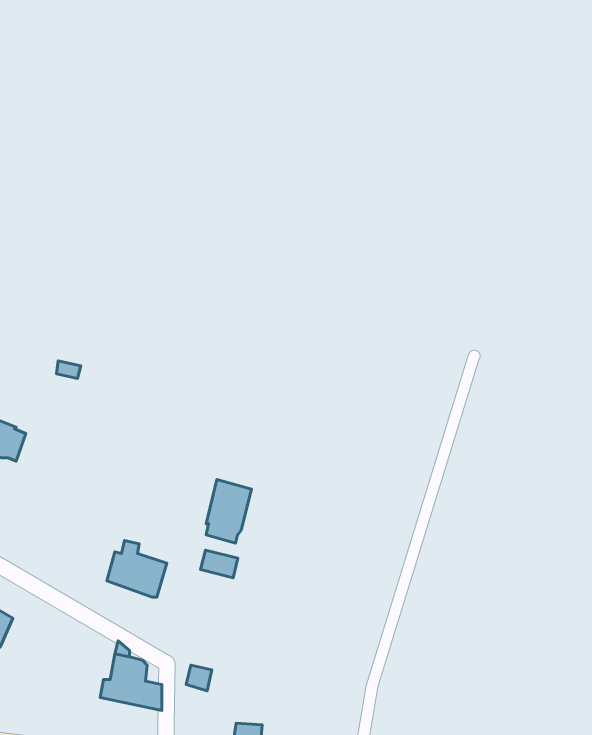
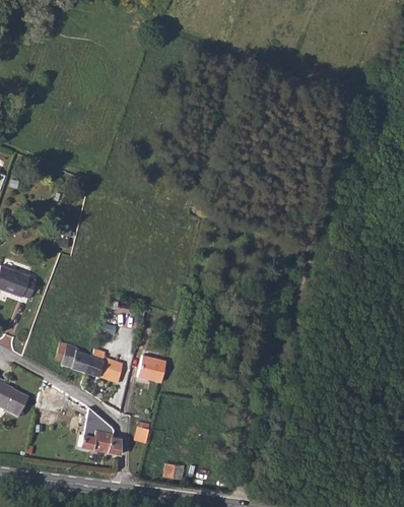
building: [206,479,252,543] -> none
building: none -> [55,342,90,374]

